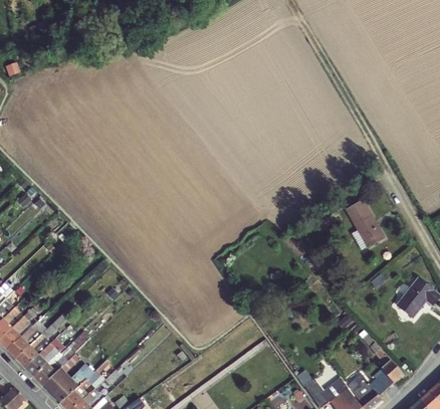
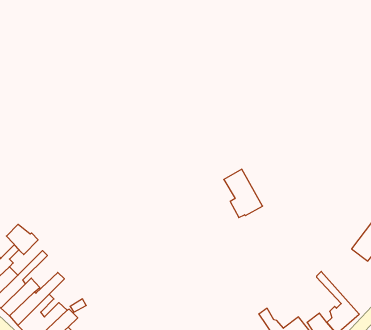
building: [344,199,385,250] -> [224,169,263,218]
building: none -> [6,224,38,255]

